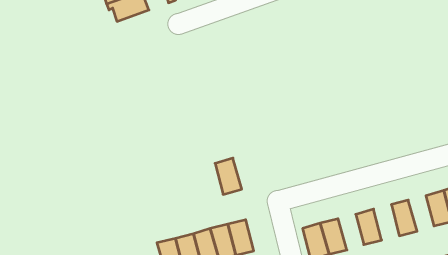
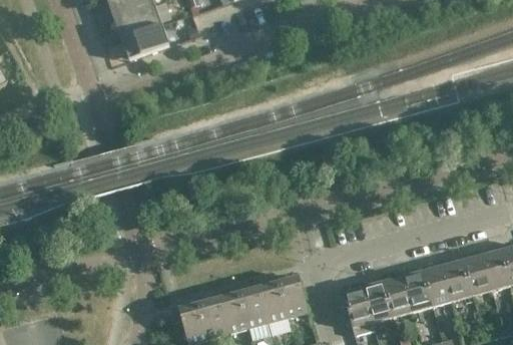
building: [215,158,242,194] -> [278,277,308,318]
building: none -> [461,256,490,296]
building: none -> [422,266,451,306]
building: none -> [382,277,411,317]

